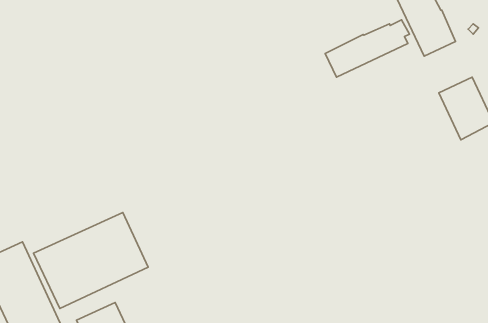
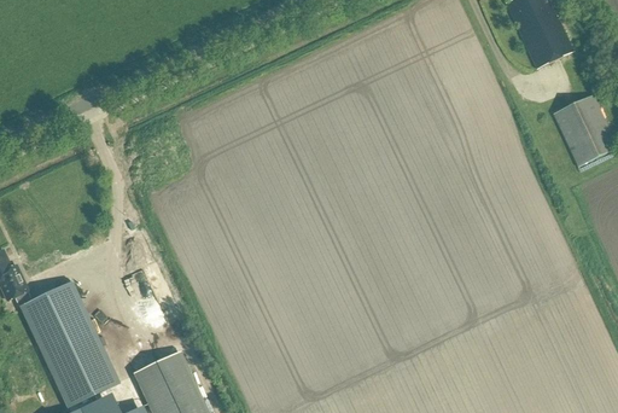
building: [325,20,410,77] -> none
building: [33,213,148,309] -> none

